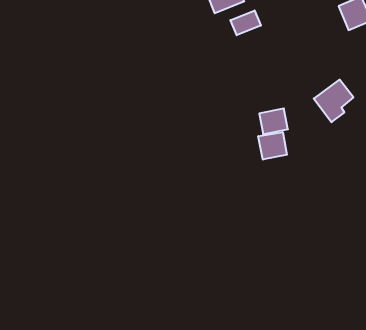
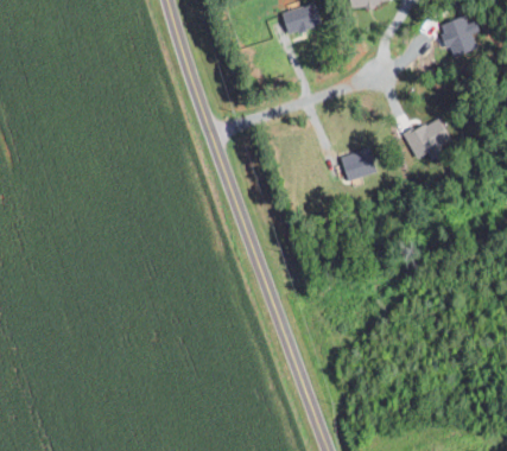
building: [230,10,261,35] -> none
building: [258,132,287,160] -> none

